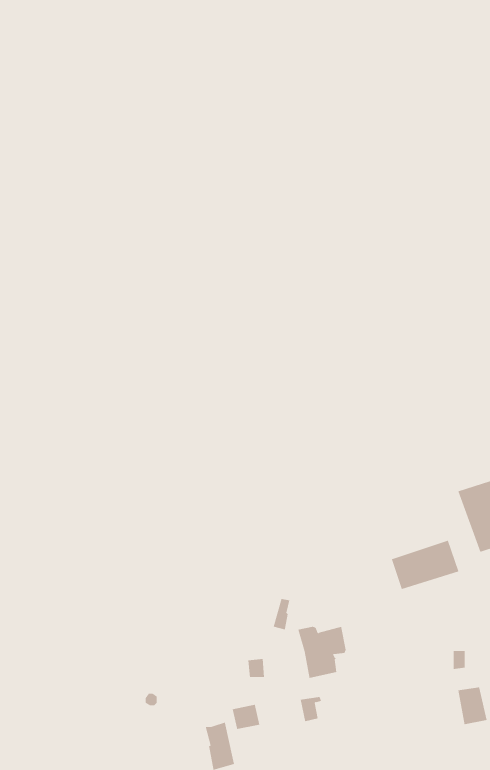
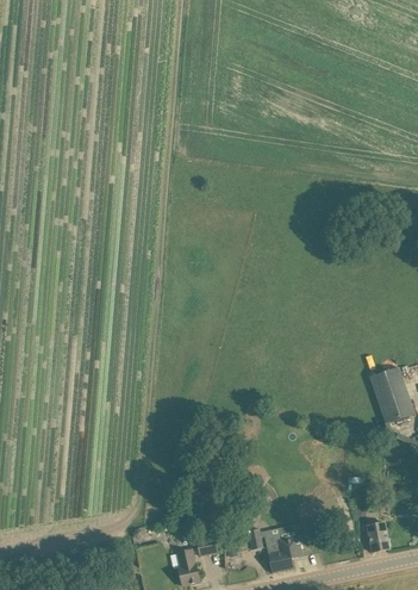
building: [391,540,459,590] -> none
building: [298,626,347,678] -> [264,534,301,573]

